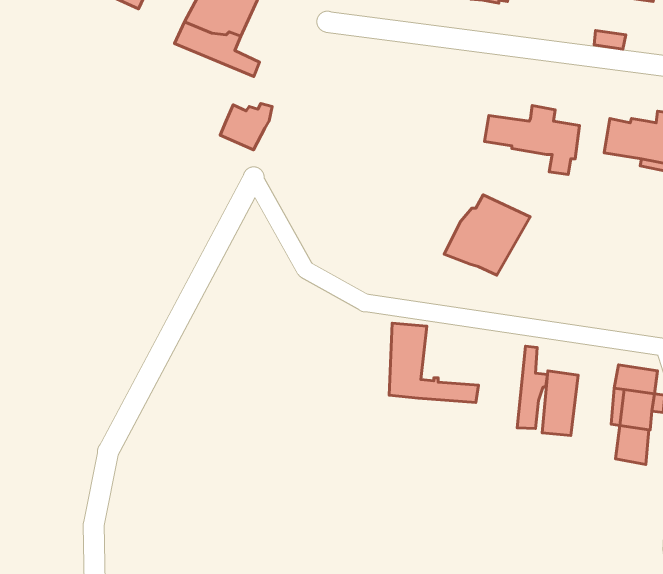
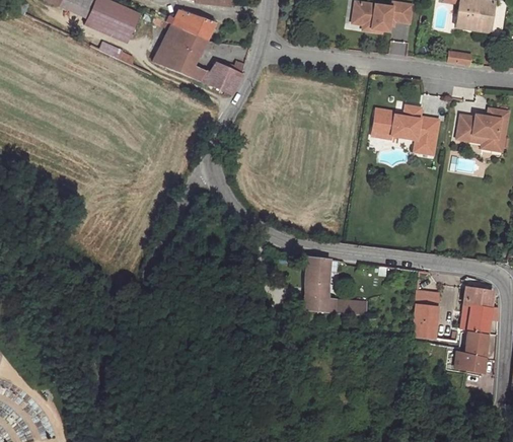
building: [220,104,272,150] -> [210,62,246,94]
building: [444,195,530,275] -> none
building: [517,346,548,429] -> none
building: none -> [454,351,486,371]

